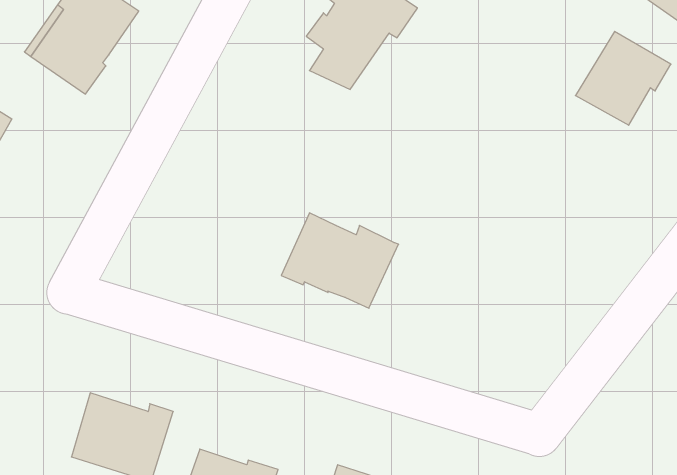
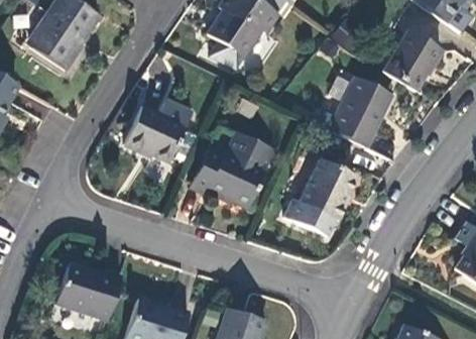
building: none -> [330,76,394,146]
building: none -> [126,105,187,160]
building: none -> [228,131,273,164]
building: none -> [285,158,356,236]

